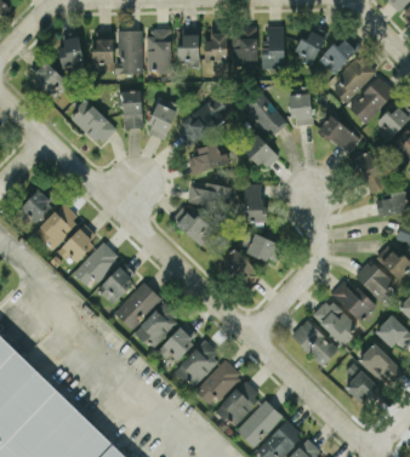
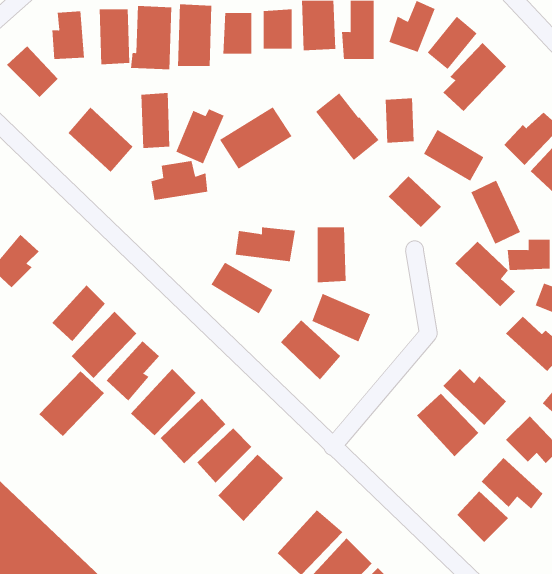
building: [348,76,395,122] -> none
building: [241,133,279,170] -> [388,175,442,228]
building: [188,143,228,171] -> [150,160,208,201]
building: [34,202,80,249] -> [38,371,105,437]
building: [354,259,397,305] -> [455,241,516,307]
building: [291,319,337,366] -> none
building: [194,359,241,406] -> none

